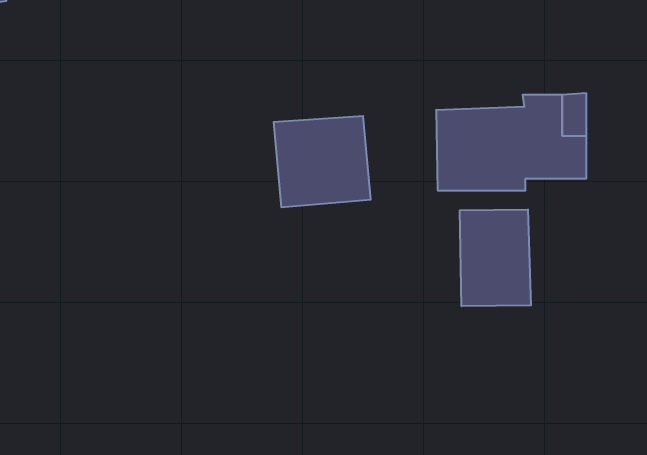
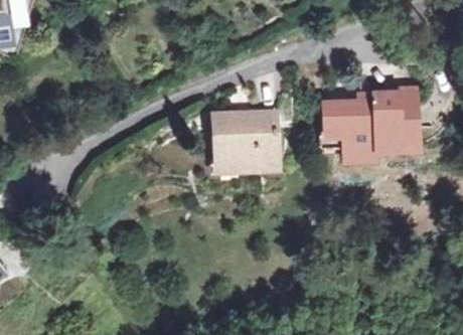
building: [460,209,531,306] -> none

